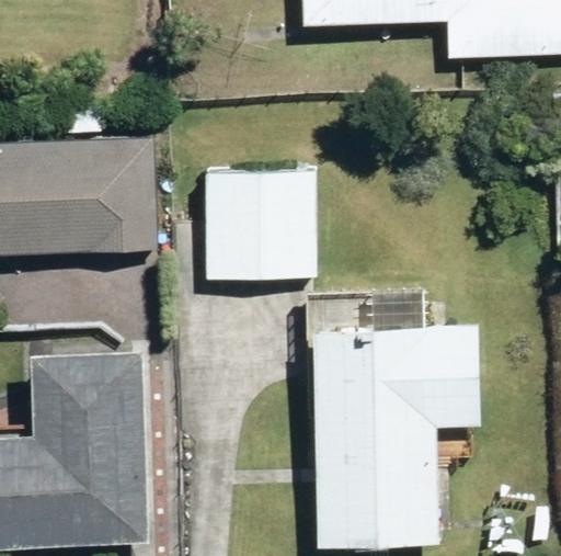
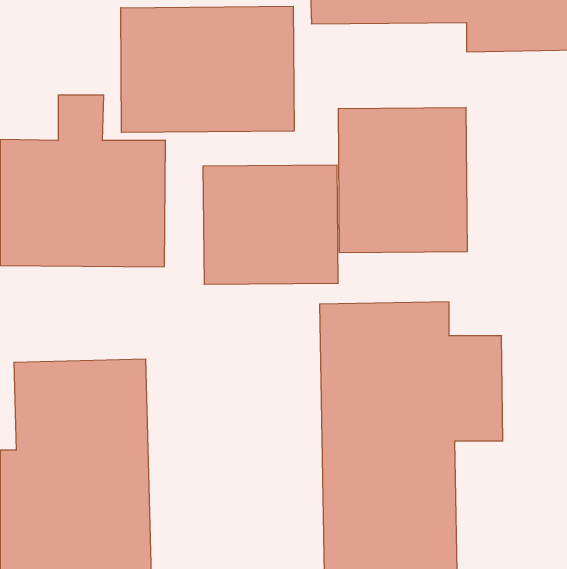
building: none -> [121,6,294,133]
building: none -> [338,107,467,253]

